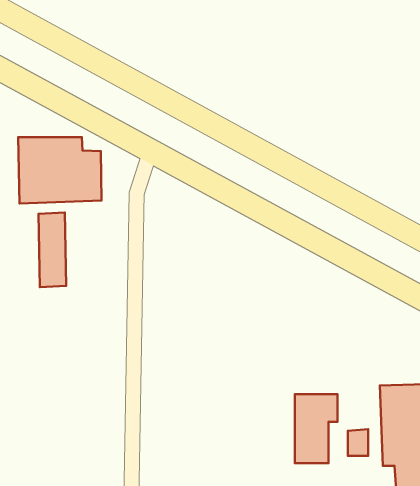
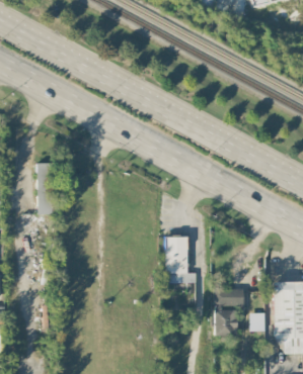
building: [18,137,102,203] -> none
building: none -> [164,237,197,283]

